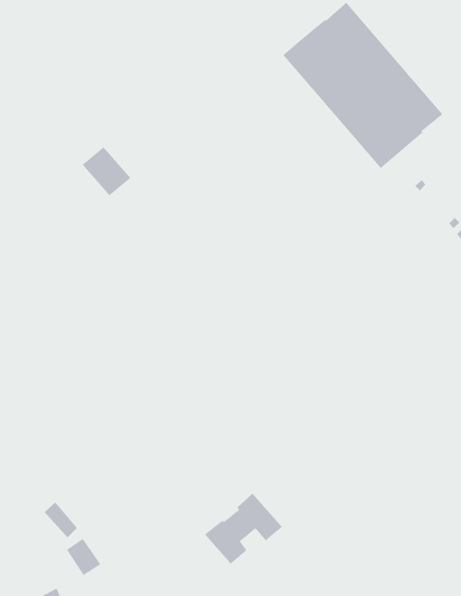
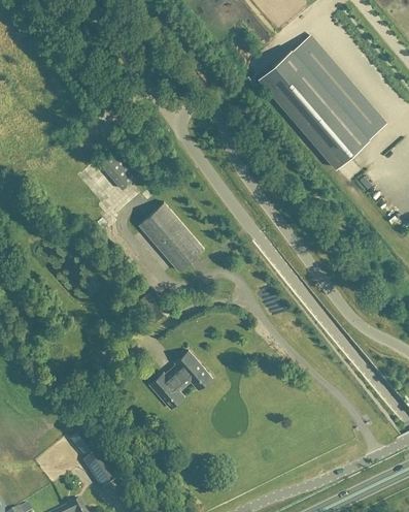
building: none -> [138,203,204,273]
building: [204,493,283,565] -> [149,352,211,409]

